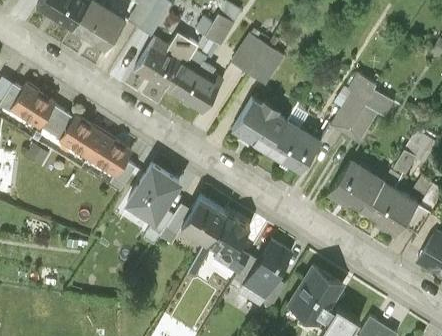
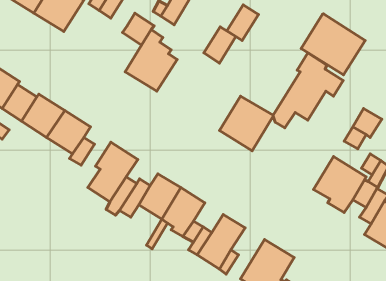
building: none -> [301,14,365,75]
building: [233,36,266,73] -> [227,5,259,40]
building: [135,38,184,93] -> none
building: [232,97,287,154] -> none
building: [329,162,384,215] -> none

